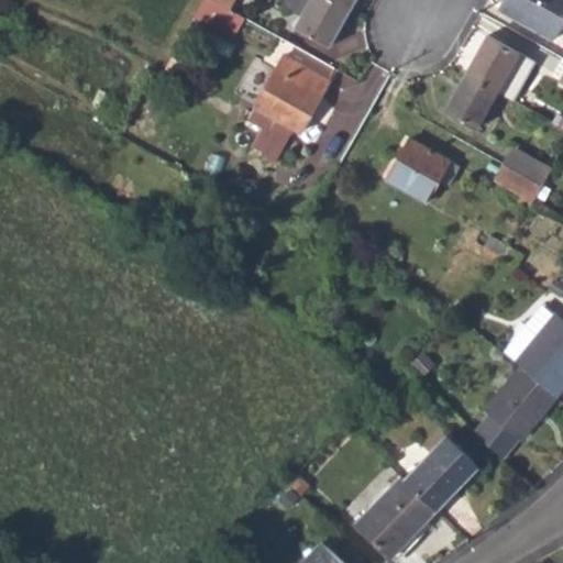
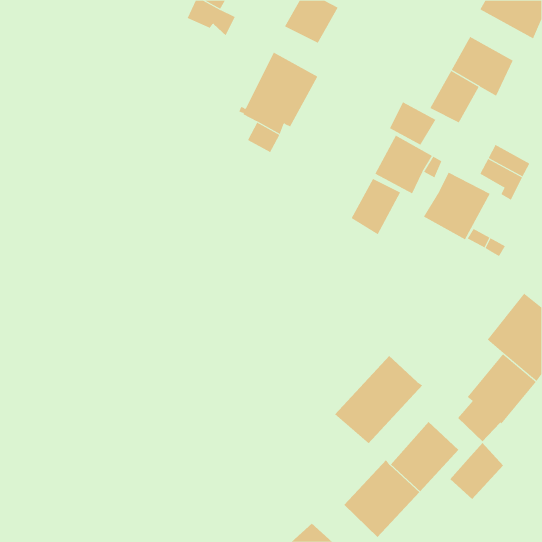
building: none -> [389,101,436,145]
building: none -> [423,172,491,240]
building: none -> [351,178,401,235]
building: none -> [334,355,423,444]
building: none -> [449,442,504,500]

